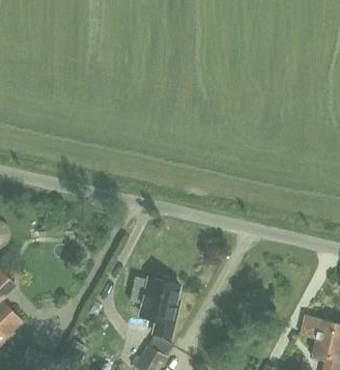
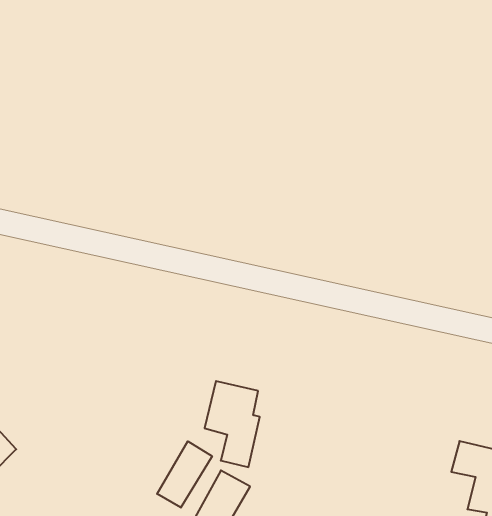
building: none -> [157,441,212,508]

